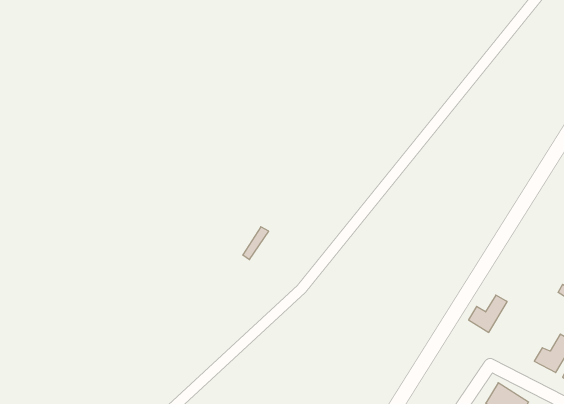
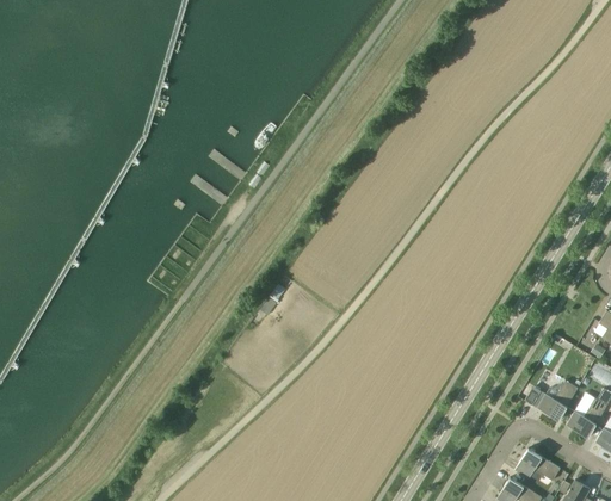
building: [469,295,507,332] -> [537,381,578,420]

